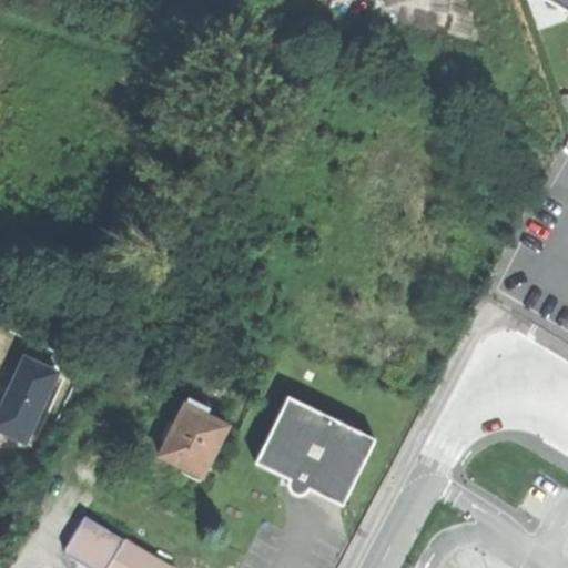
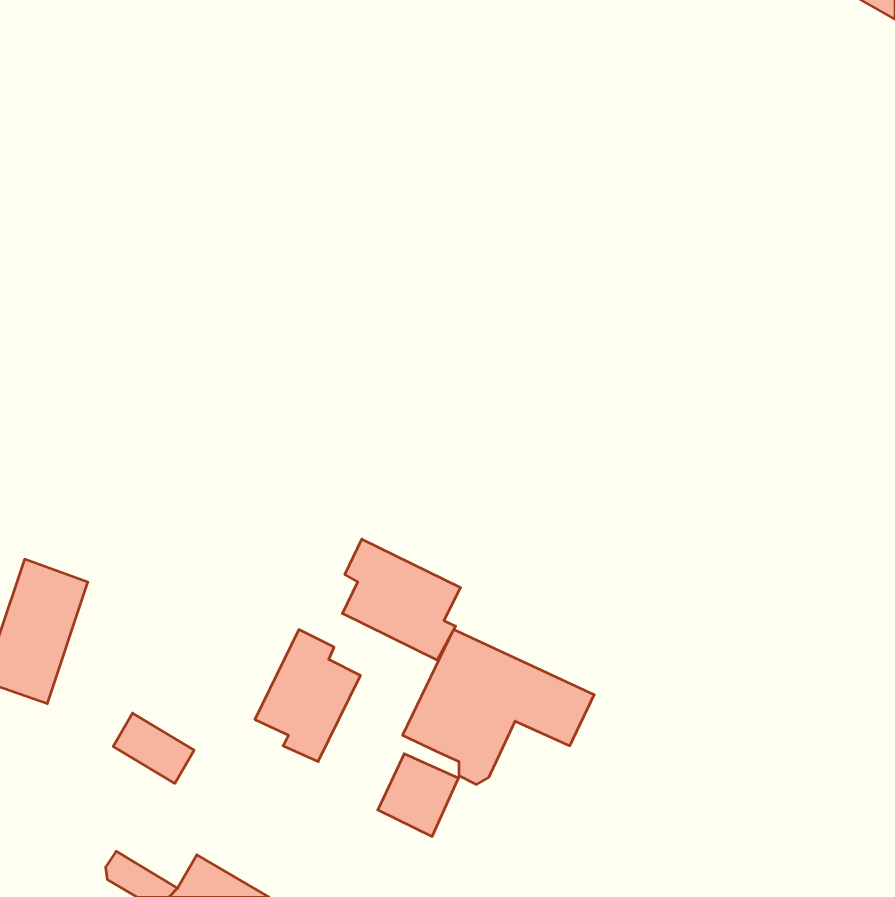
building: none -> [342,539,461,660]
building: [308,455,359,507] -> [378,754,459,836]
building: [73,516,124,560] -> [113,713,194,783]

